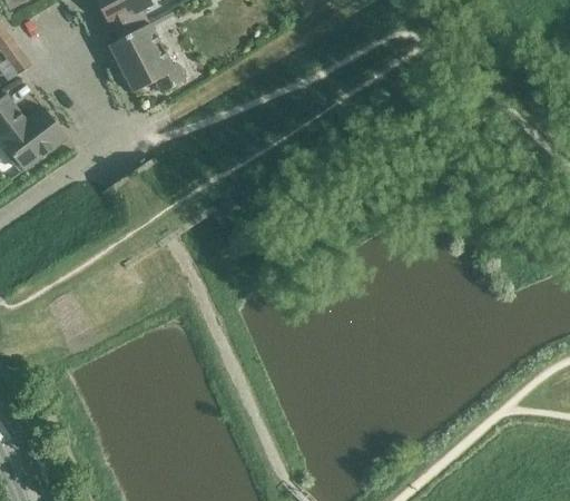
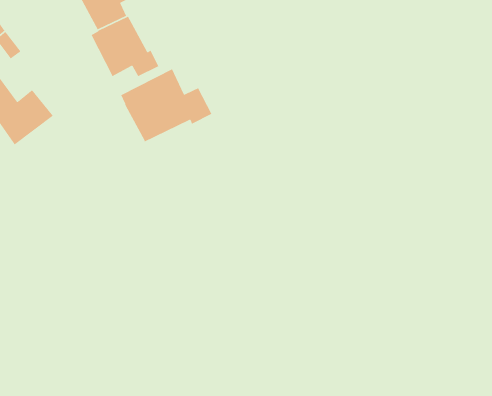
building: none -> [120,68,213,143]

